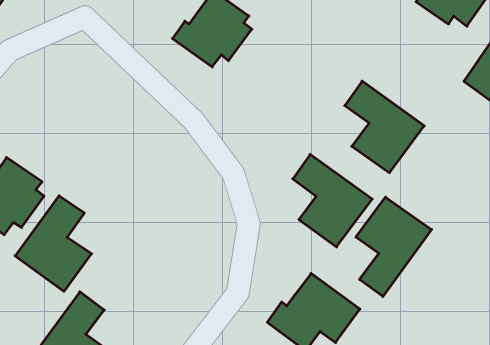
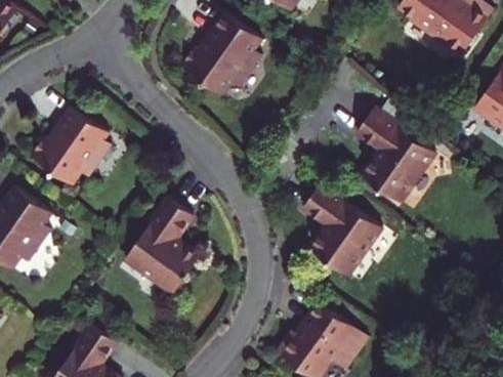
building: none -> [28,109,108,185]
building: [15,196,92,291] -> [125,200,202,296]
building: [356,197,432,297] -> none

